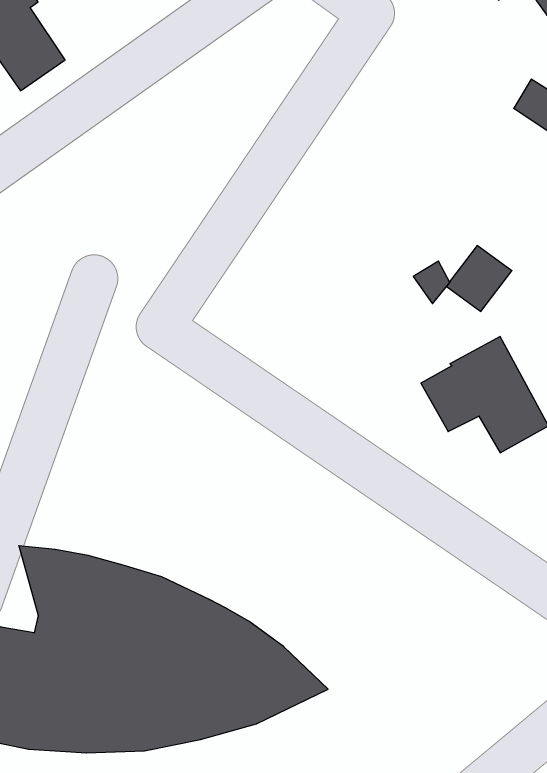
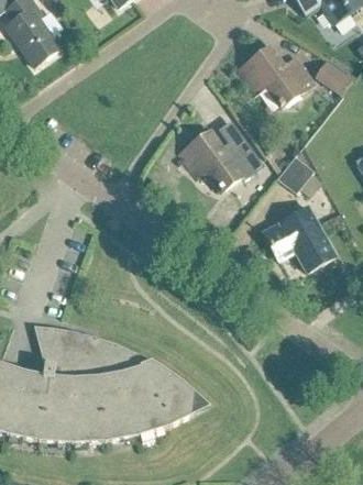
building: none -> [239,45,314,107]
building: none -> [179,130,254,190]

